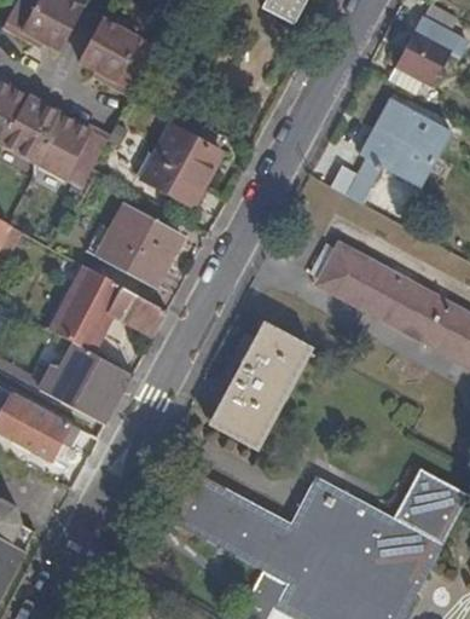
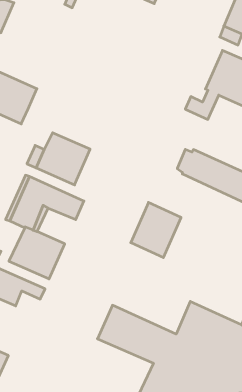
building: [82,17,161,97] -> none
building: [145,126,224,206] -> none
building: [209,380,280,449] -> none

